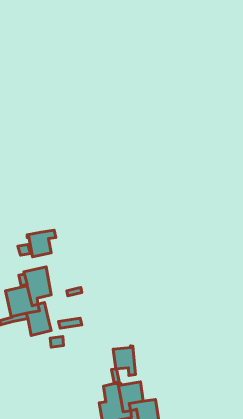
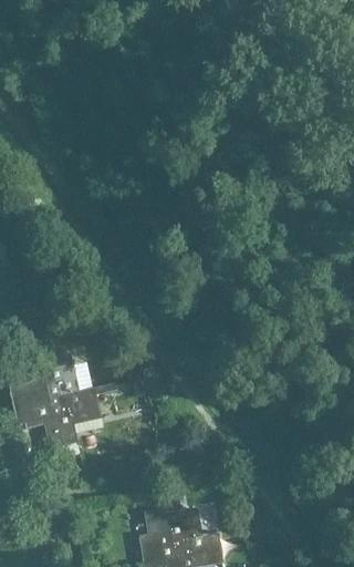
building: [27,230,56,257] -> none
building: none -> [58,391,98,425]
building: [113,346,135,376] -> none

